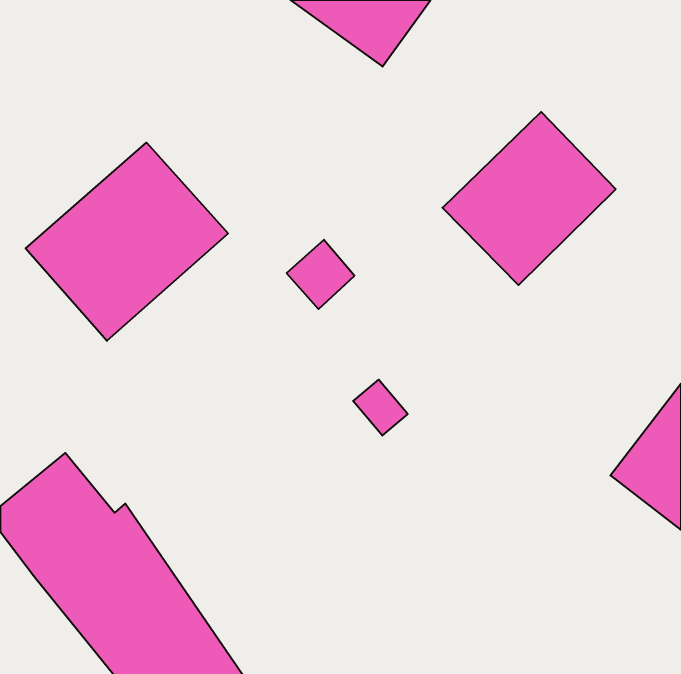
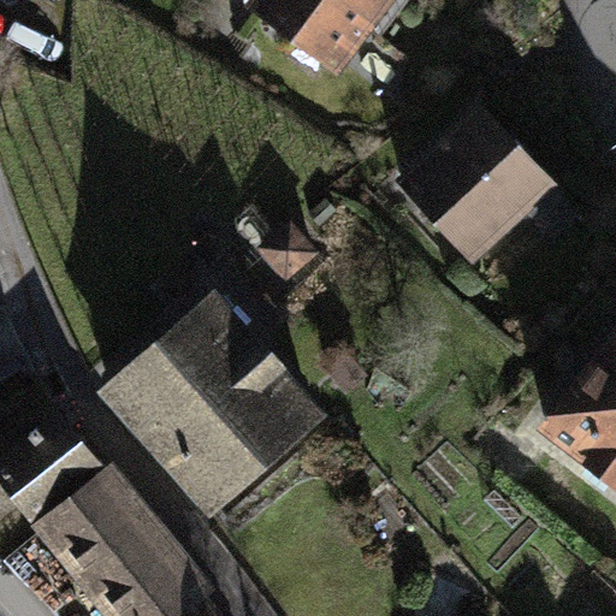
building: [26,143,228,341] -> none
building: none -> [97,290,330,522]

